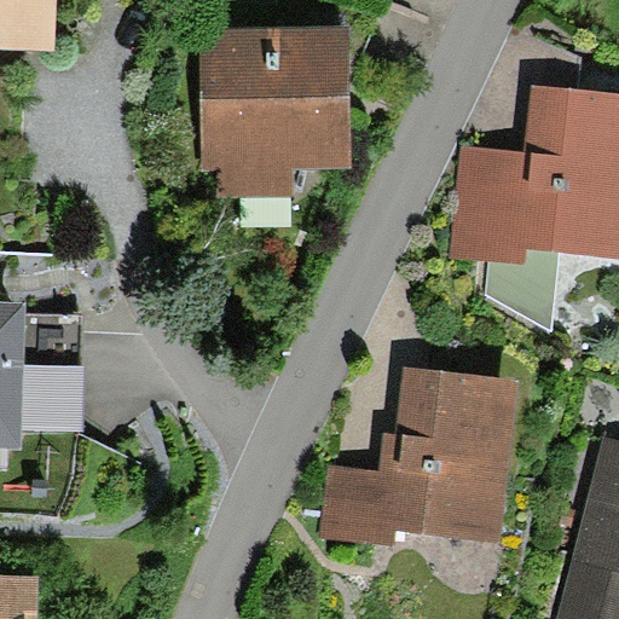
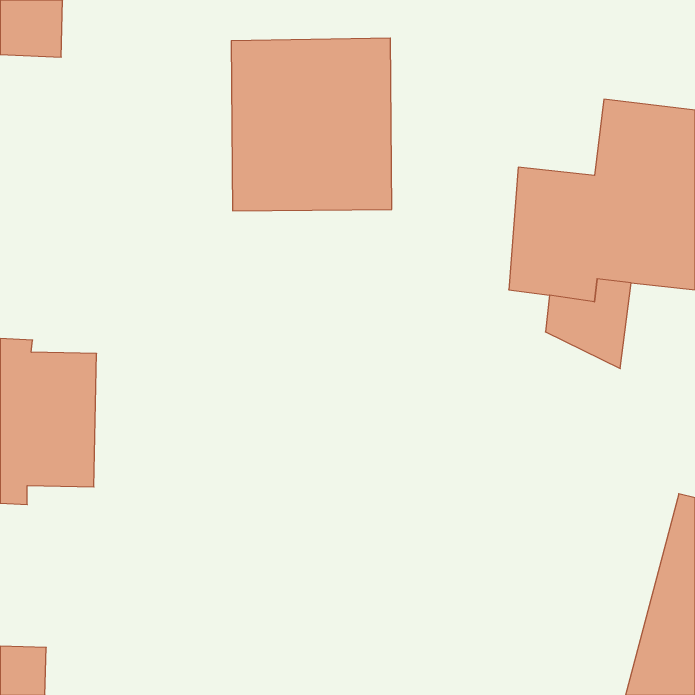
building: [320,366,517,546] -> none

